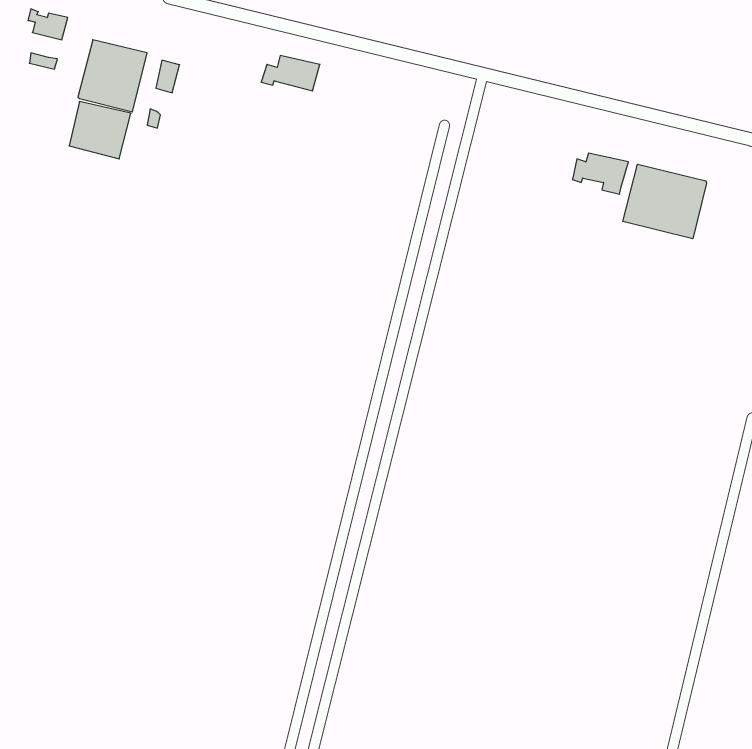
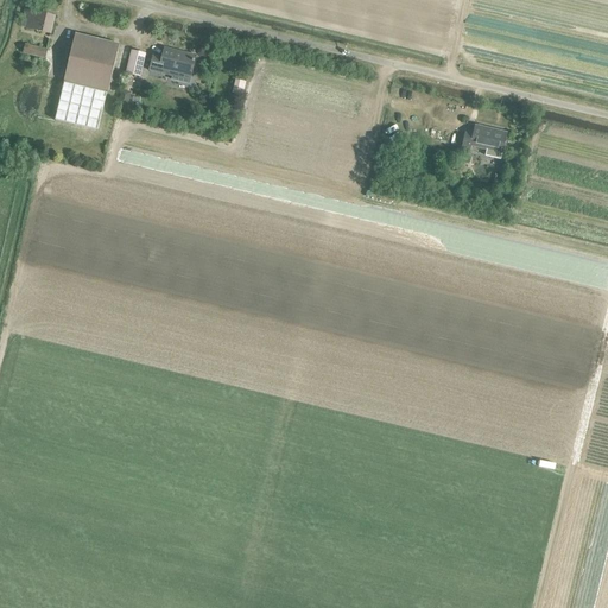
building: [261,56,320,91] -> [148,46,196,75]
building: [623,164,707,239] -> none

